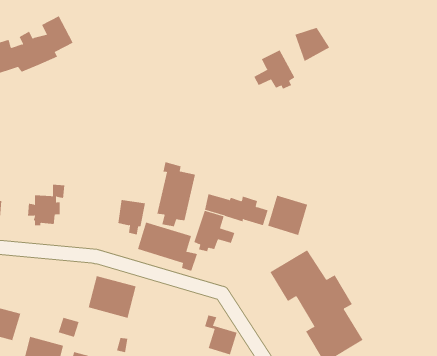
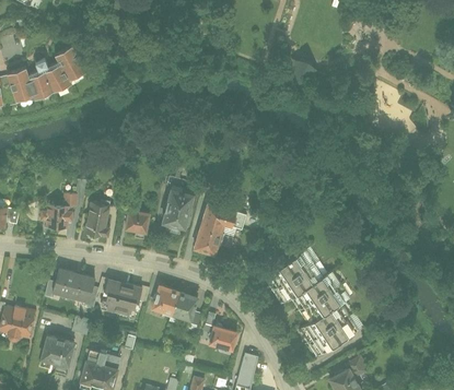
building: [254,50,295,89] -> none
building: none -> [85,201,110,238]
building: [267,195,308,236] -> none
building: [137,222,198,272] -> [147,284,202,330]
building: none -> [45,265,97,309]

